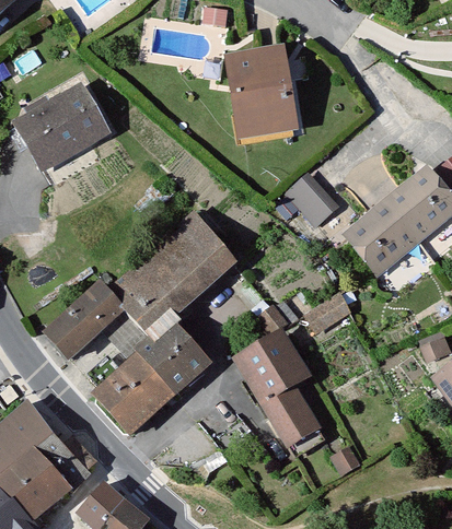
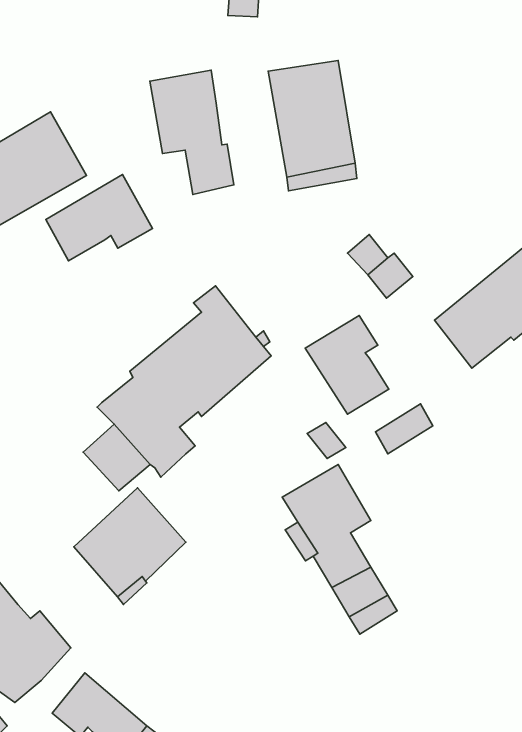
building: none -> [150,70,234,195]
building: none -> [46,175,152,261]
building: none -> [305,315,389,414]
building: [49,284,124,355] -> none
building: [139,328,206,390] -> none

